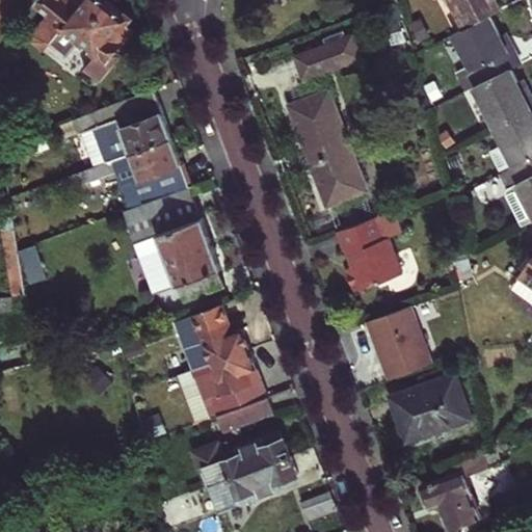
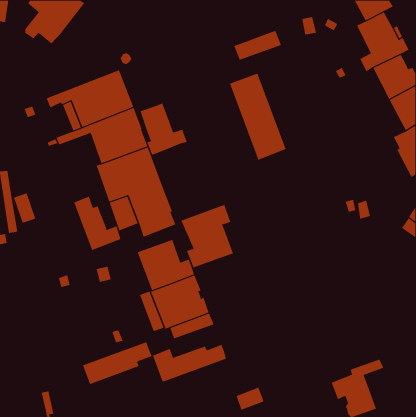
building: [79,6,129,81] -> none
building: none -> [140,102,188,156]
building: [338,211,405,292] -> [180,204,234,268]
building: none -> [73,196,121,251]
building: [367,307,431,379] -> none
building: [390,375,469,441] -> none
building: [206,457,295,512] -> [82,341,153,385]

